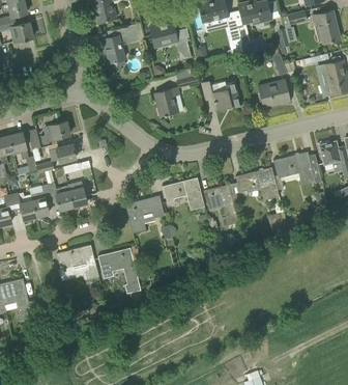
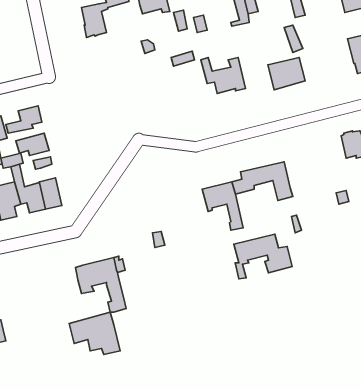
building: [153,87,179,116] -> none
building: [272,152,321,189] -> [234,234,292,279]
building: [162,176,204,210] -> none
building: [124,195,164,232] -> none
building: [56,244,98,279] -> [69,312,120,355]

